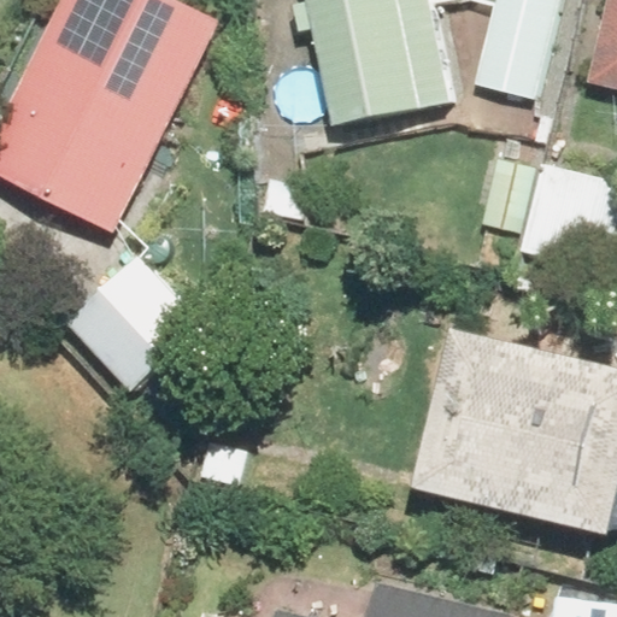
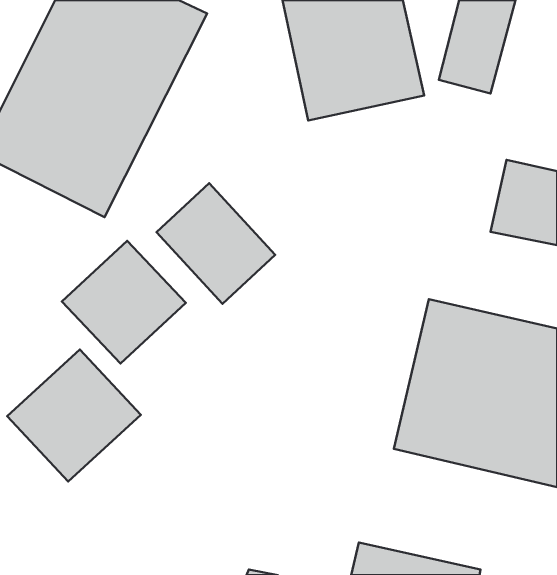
building: none -> [157,183,275,304]
building: none -> [7,349,141,482]

